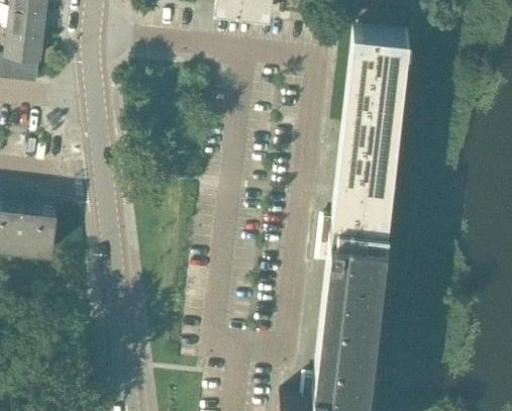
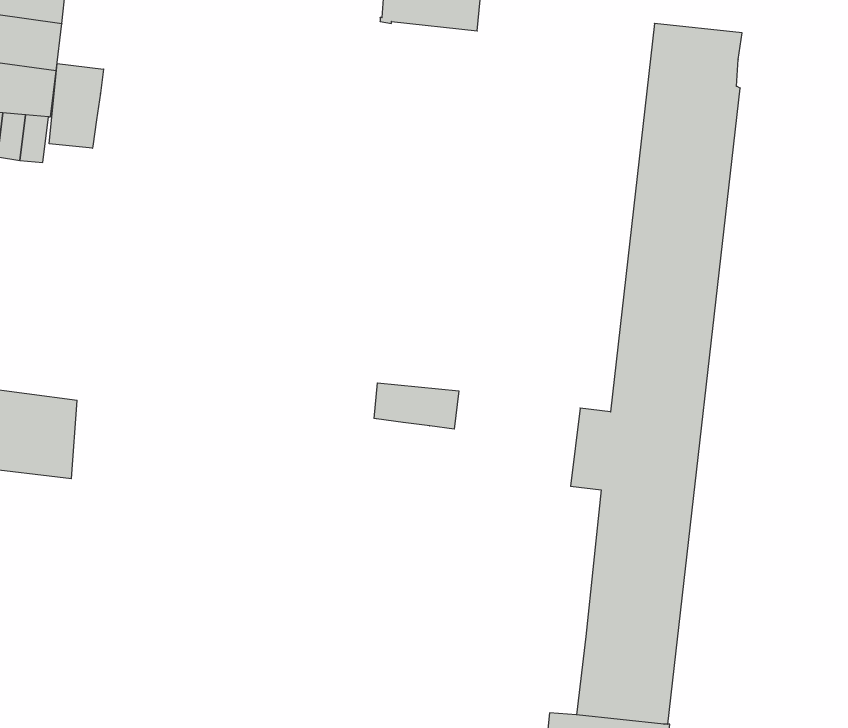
building: none -> [49,64,104,148]
building: none -> [374,383,459,429]

